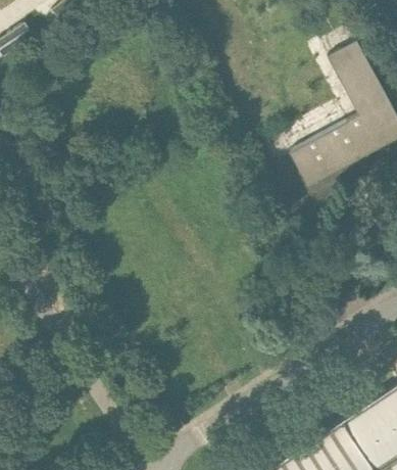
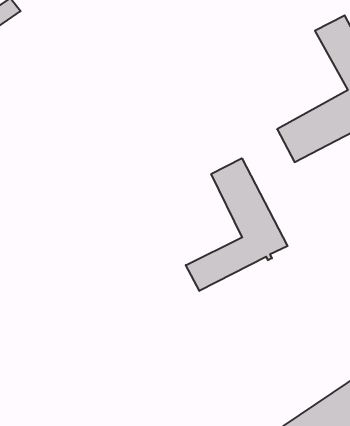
building: none -> [186,158,288,291]

